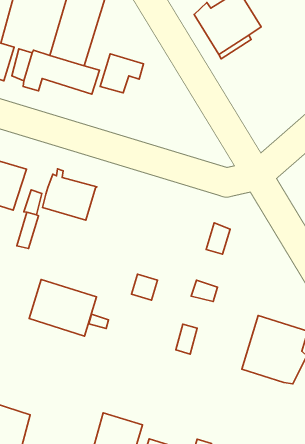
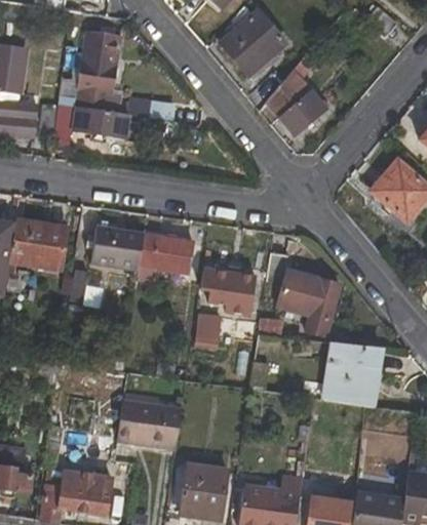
building: none -> [267,52,327,135]
building: none -> [137,234,194,281]
building: none -> [199,268,256,313]
building: none -> [278,270,340,336]
building: [29,279,97,336] -> [117,399,183,450]

